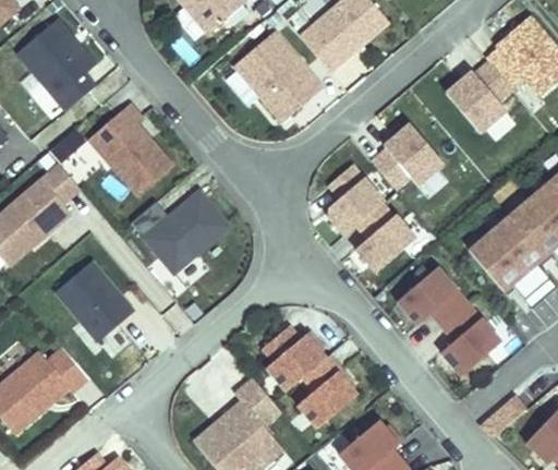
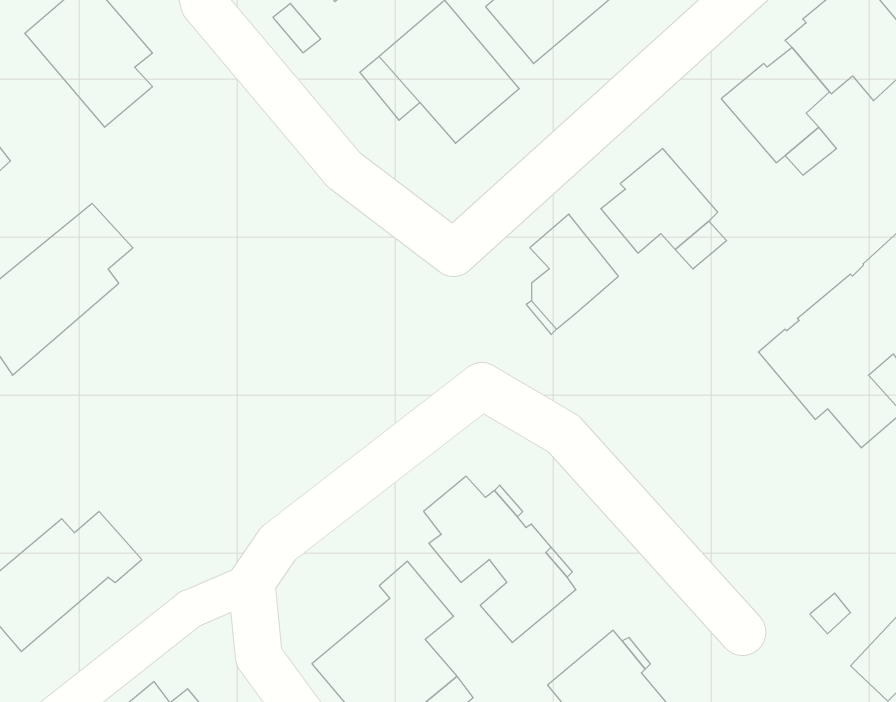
building: [87,95,183,198] -> none
building: [132,190,229,273] -> none
building: [355,202,415,272] -> none
building: [56,261,134,341] -> none
building: [397,266,501,375] -> none

